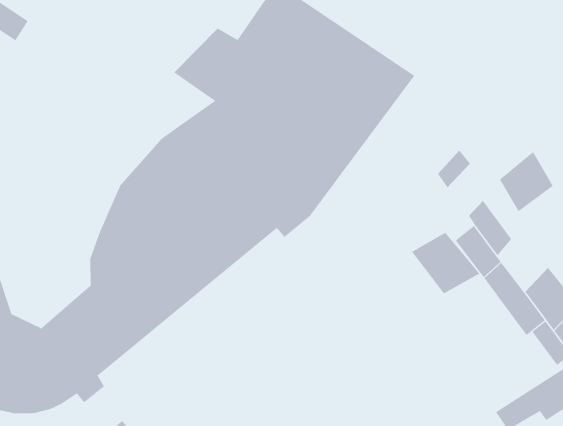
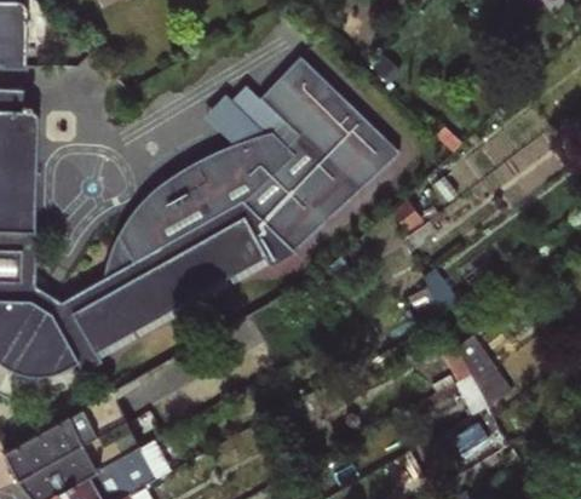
building: [499,151,553,212] -> none
building: [411,232,480,294] -> none

